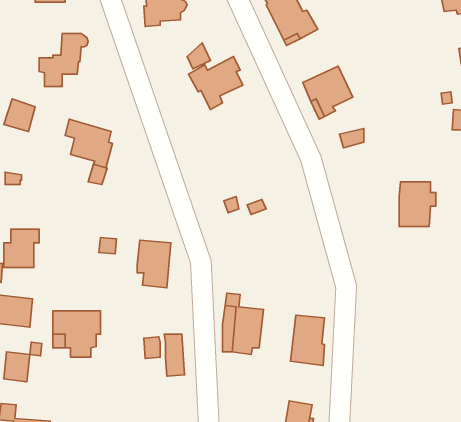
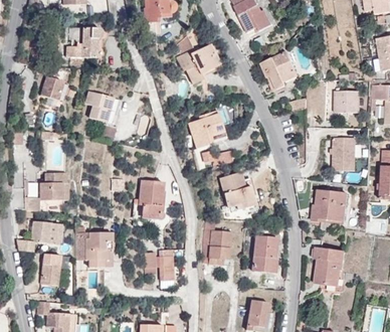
building: none -> [334,91,360,113]
building: none -> [189,110,224,148]
building: none -> [219,171,257,212]
building: none -> [312,189,348,222]
building: none -> [315,246,346,287]

